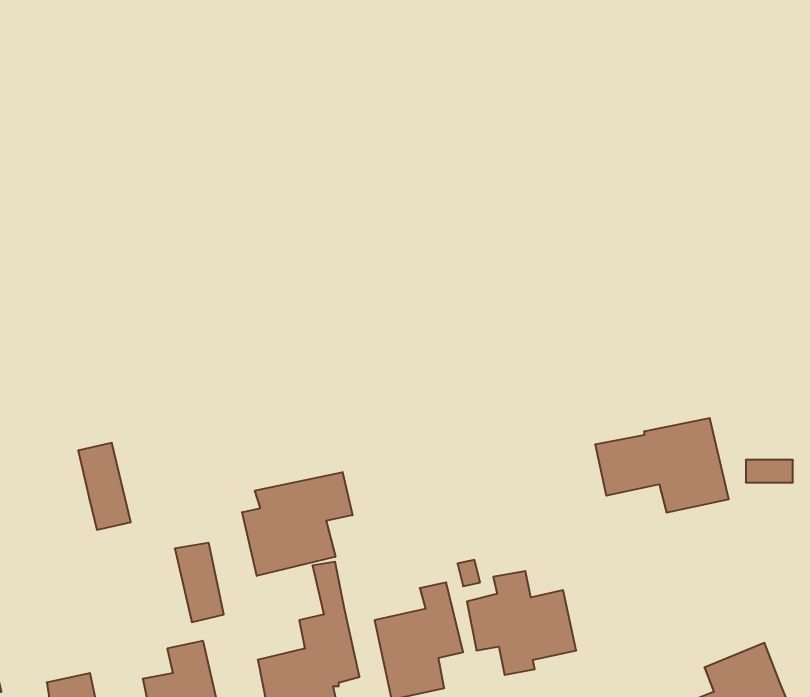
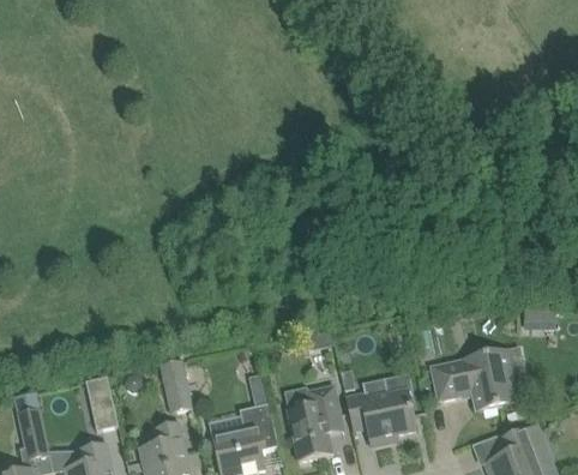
building: [595,418,729,513] -> [431,348,516,408]
building: [78,443,131,530] -> [84,373,118,428]
building: [242,472,353,576] -> none

